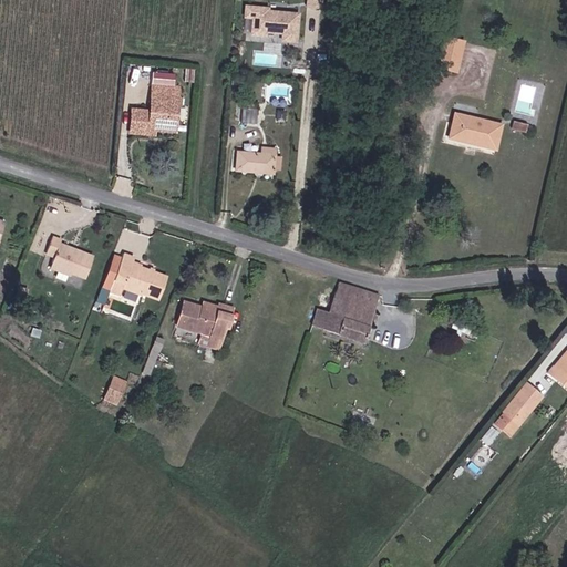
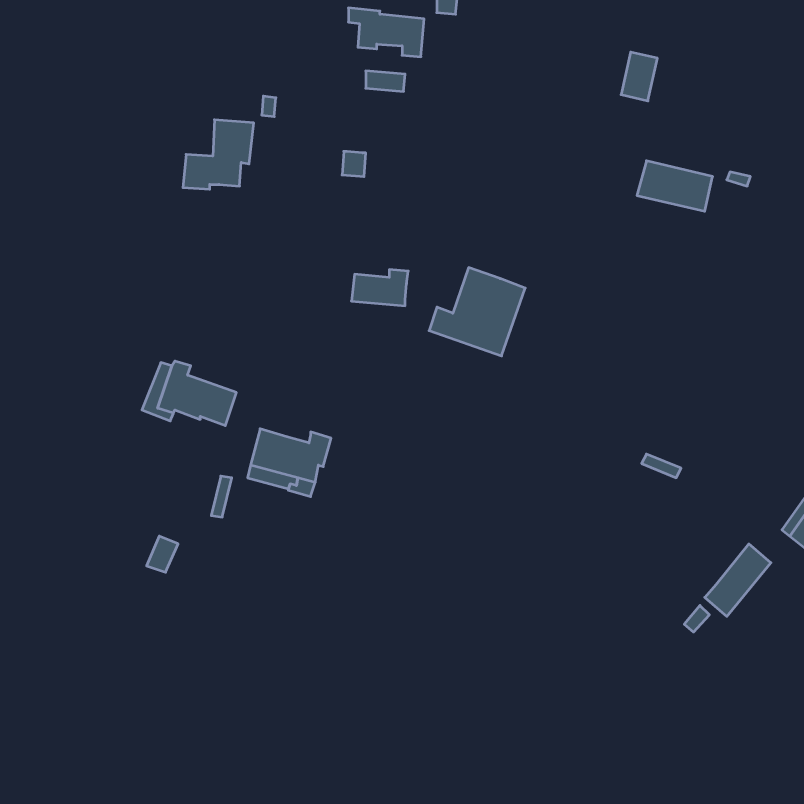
building: [236,147,276,173] -> [351,270,408,306]
building: [45,236,94,278] -> none
building: [312,281,380,343] -> [429,268,525,356]

